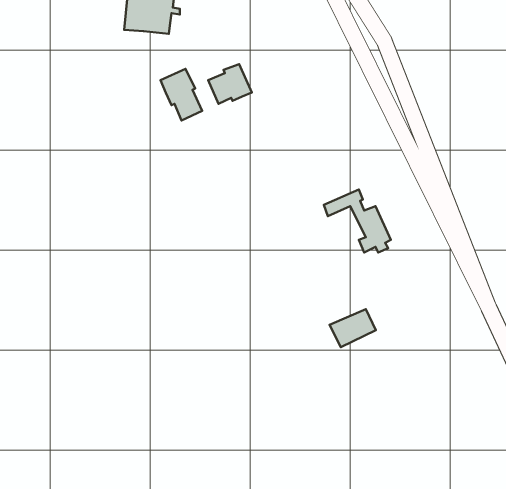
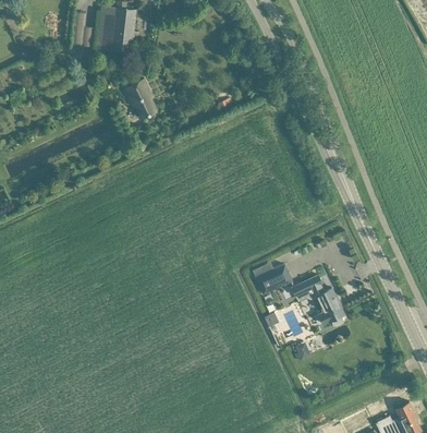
building: [208,64,252,104] -> none
building: [324,190,391,252] -> [293,276,345,325]

